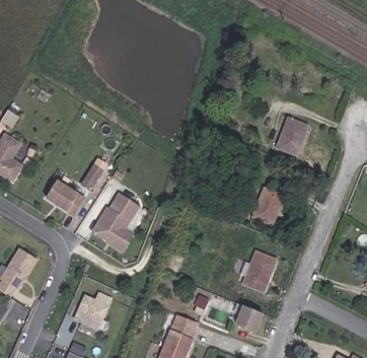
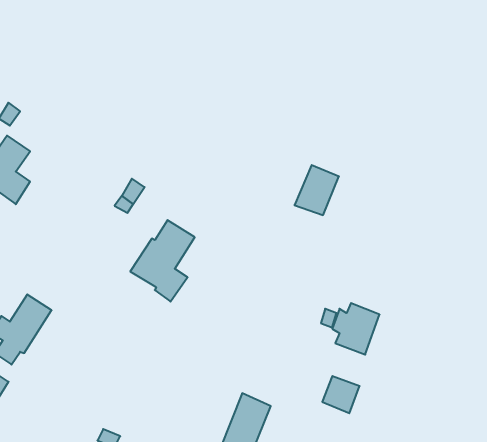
building: [271,117,301,153] -> none
building: [48,181,86,214] -> none
building: [247,188,279,223] -> [294,165,339,215]
building: [76,293,113,329] -> none

